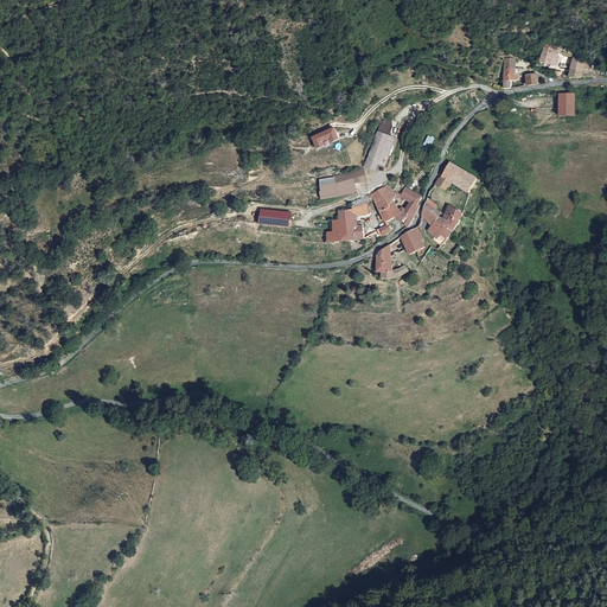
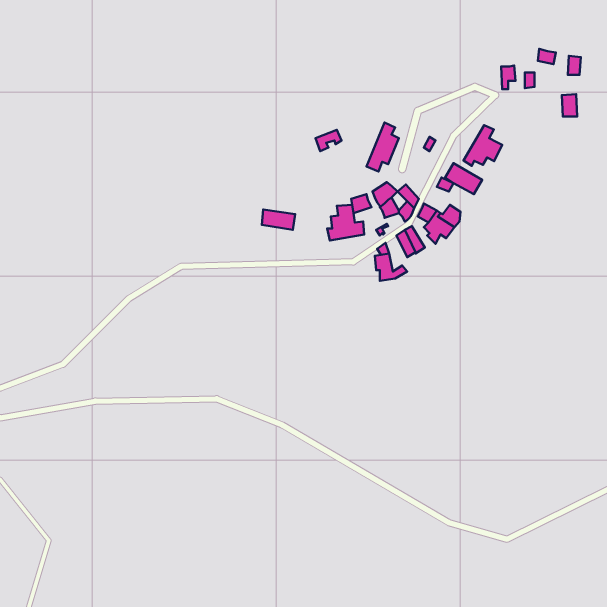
building: none -> [464,125,502,166]
building: [318,167,364,197] -> none

